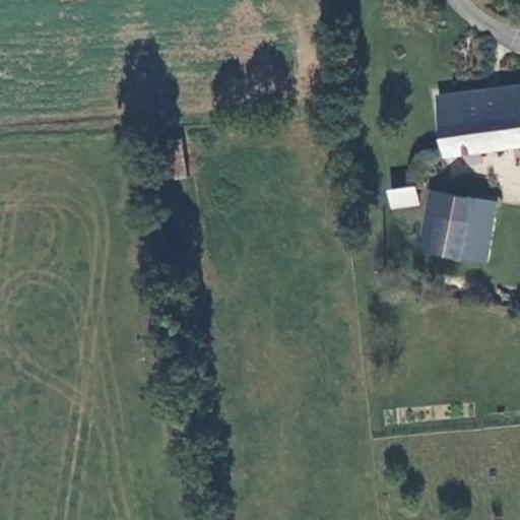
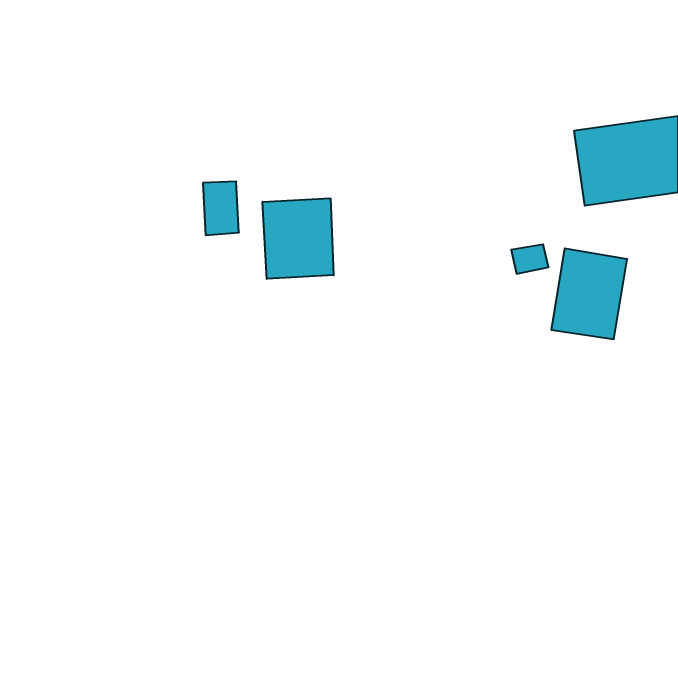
building: none -> [263,198,334,279]
building: [467,198,498,263] -> none

